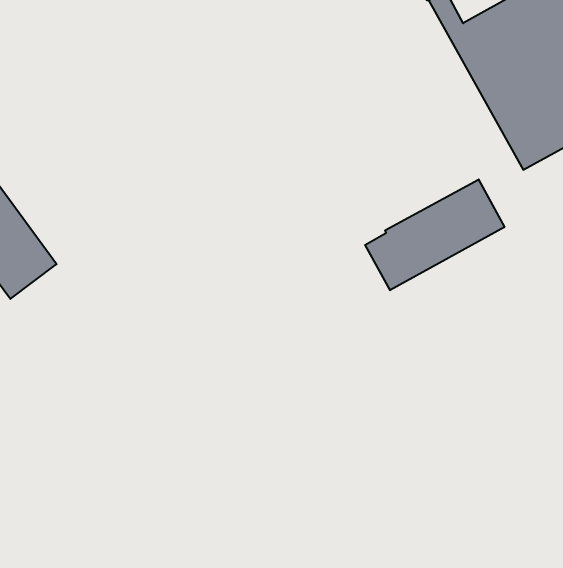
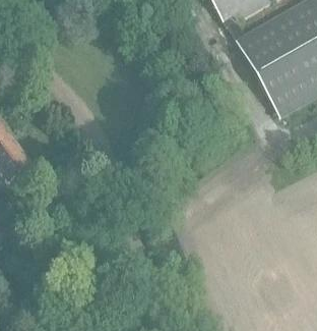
building: [365,179,504,290] -> none

